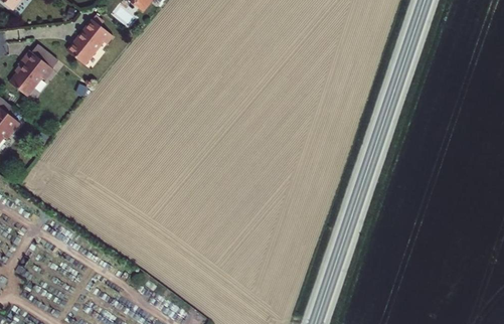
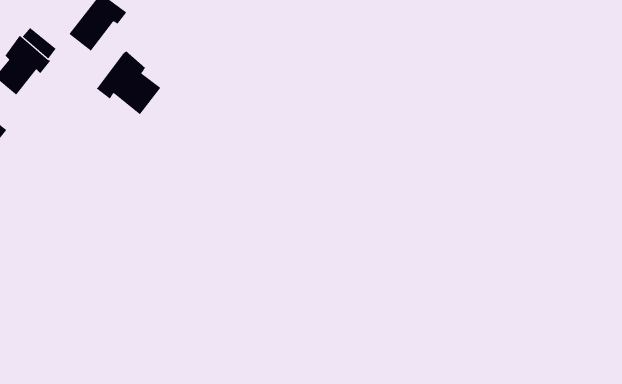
building: none -> [96,50,161,115]

